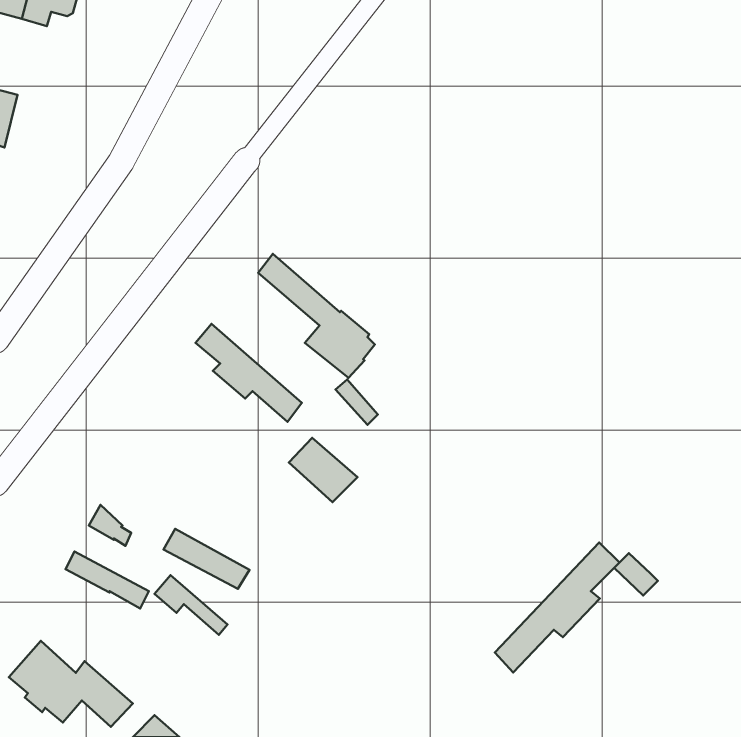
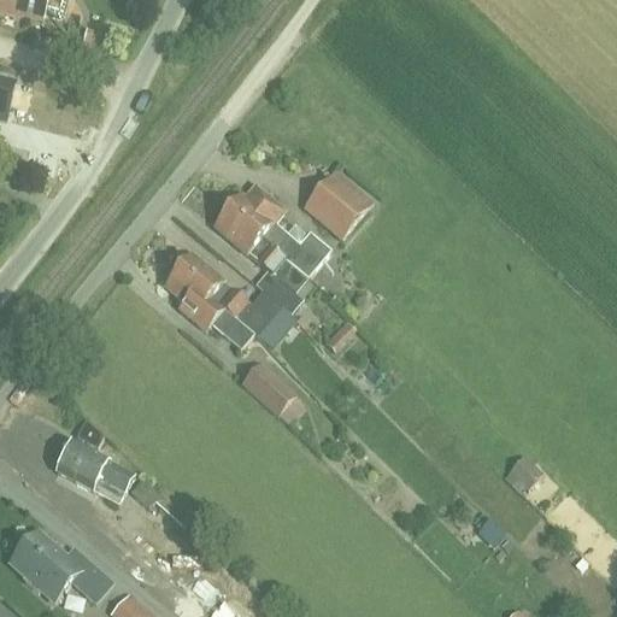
building: none -> [300,166,371,239]
building: none -> [225,186,330,276]
building: none -> [175,252,268,335]
building: [164,529,250,589] -> [61,439,133,488]
building: [495,543,619,673] -> none

